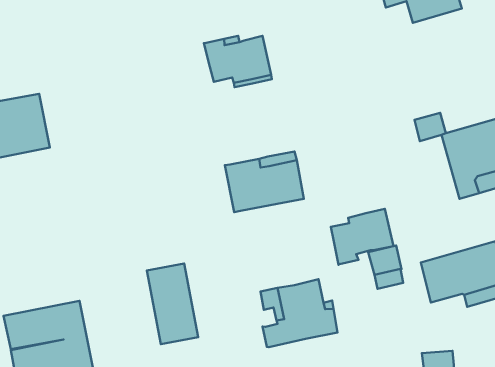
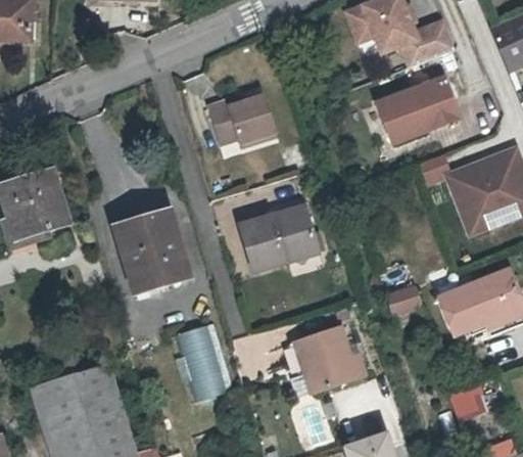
building: none -> [377,76,460,142]
building: none -> [117,212,190,292]
building: [331,209,393,265] -> none

